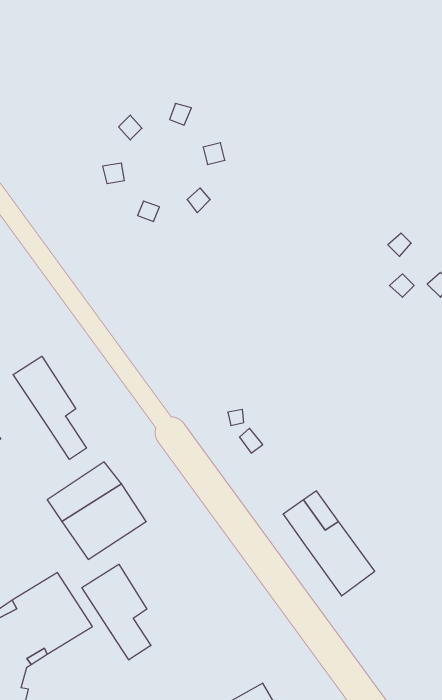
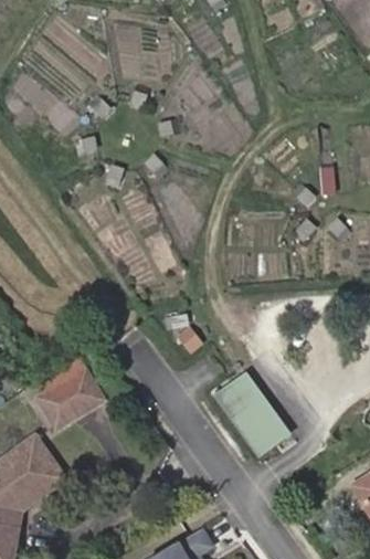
building: [13,356,87,459] -> none
building: [82,564,151,660] -> none

